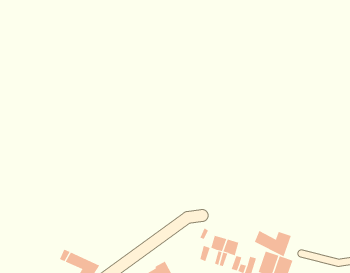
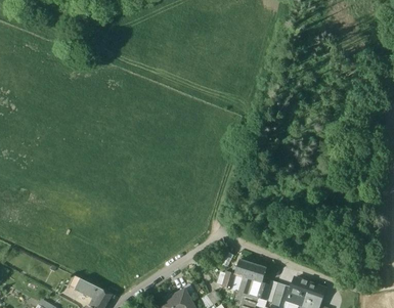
building: [254,230,291,257] -> none

